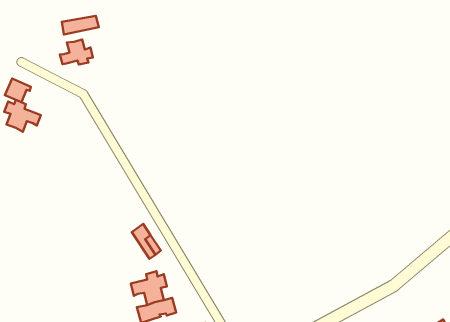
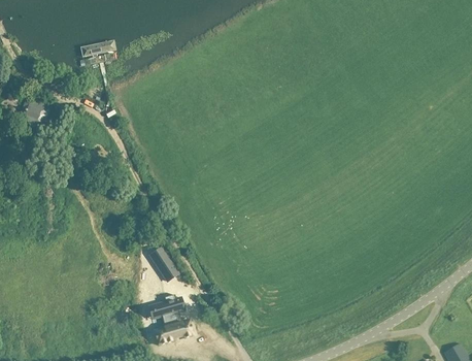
building: [60,40,93,65] -> none
building: [4,100,41,132] -> none

